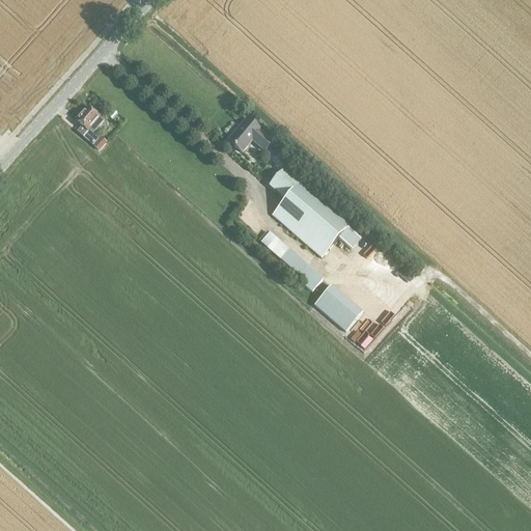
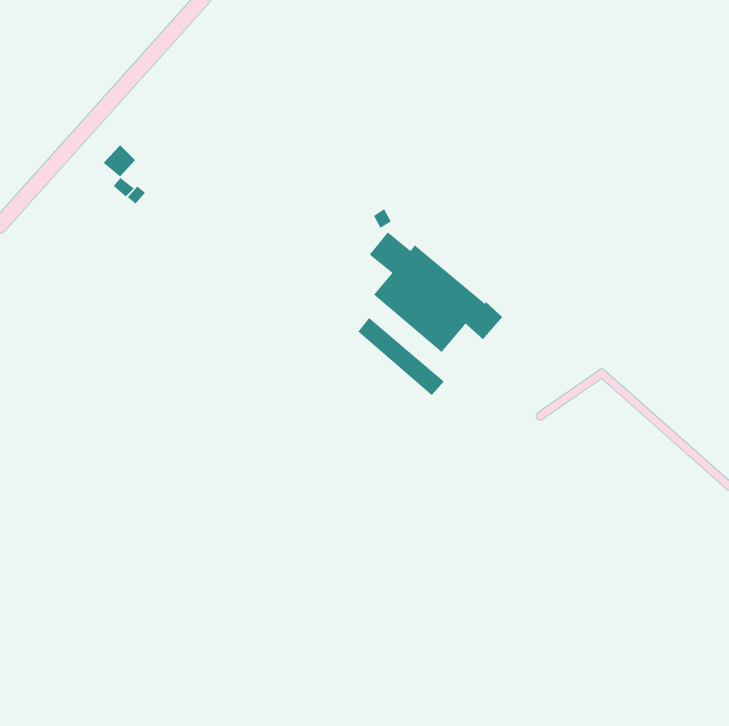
building: [227,117,271,150] -> none
building: [313,284,362,330] -> none

